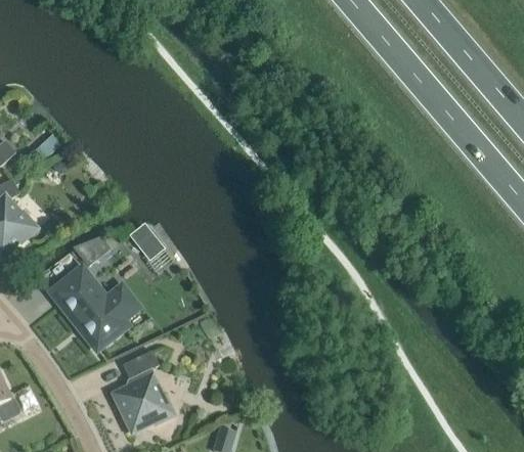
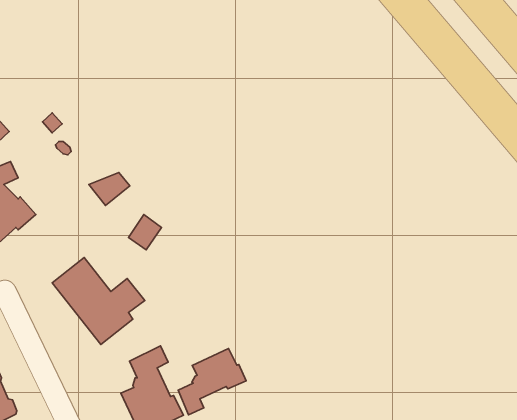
building: [73,238,111,269] -> [89,172,130,206]
building: none -> [178,348,246,415]

